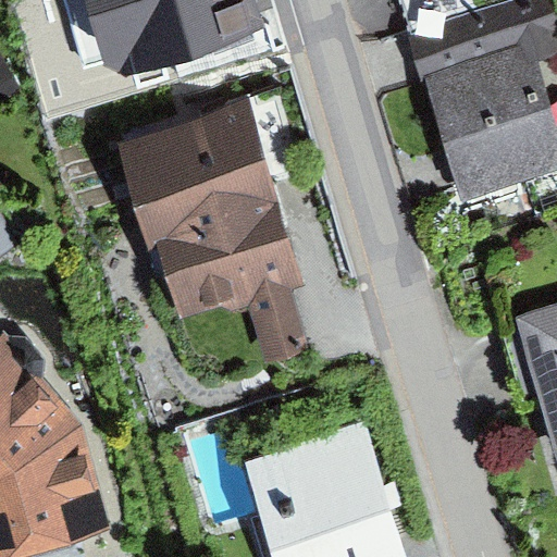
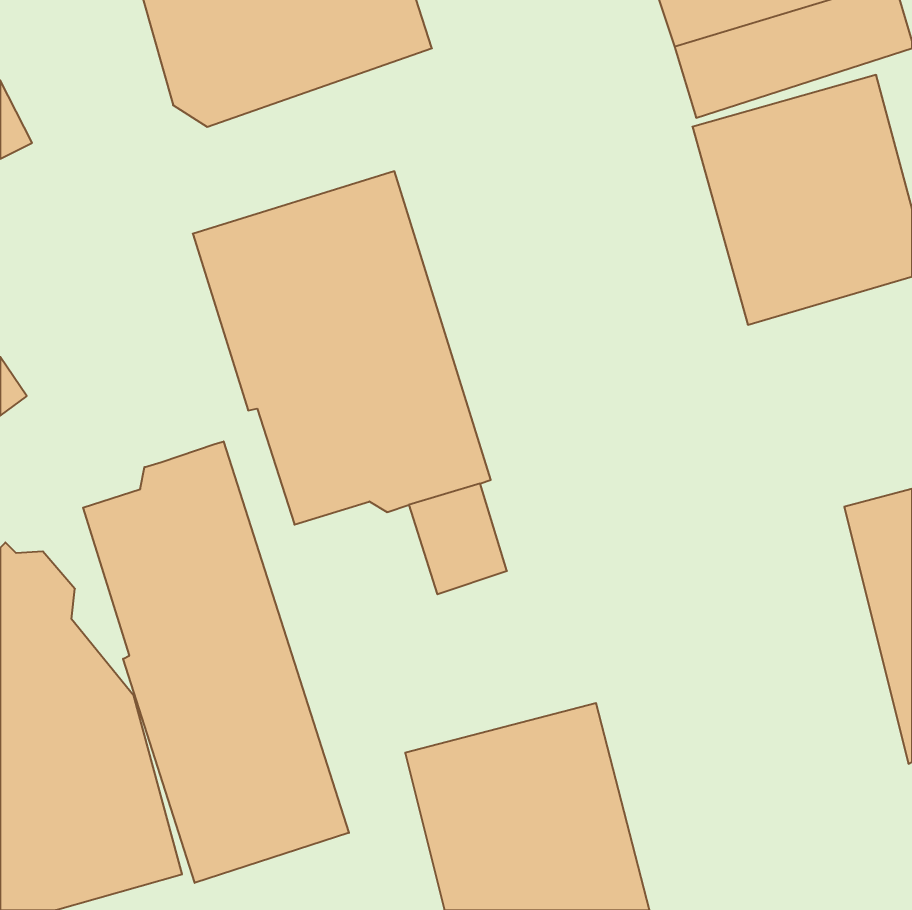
building: none -> [83,441,349,883]

